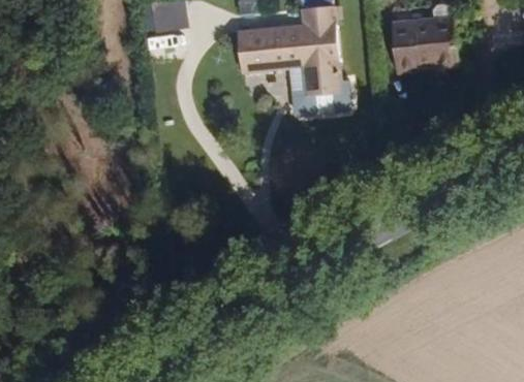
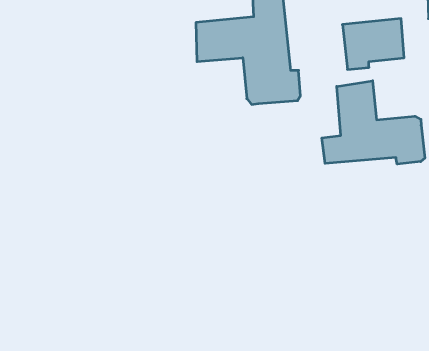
building: none -> [322,81,425,164]

